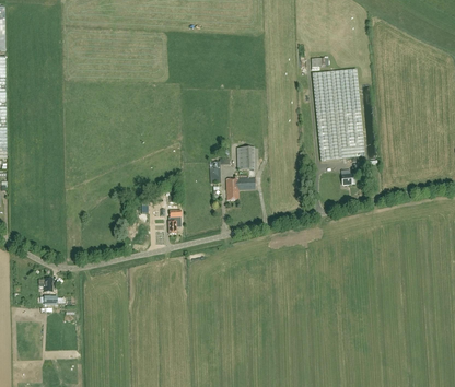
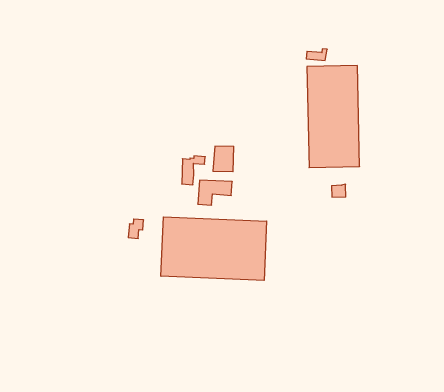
building: none -> [161,217,267,280]

